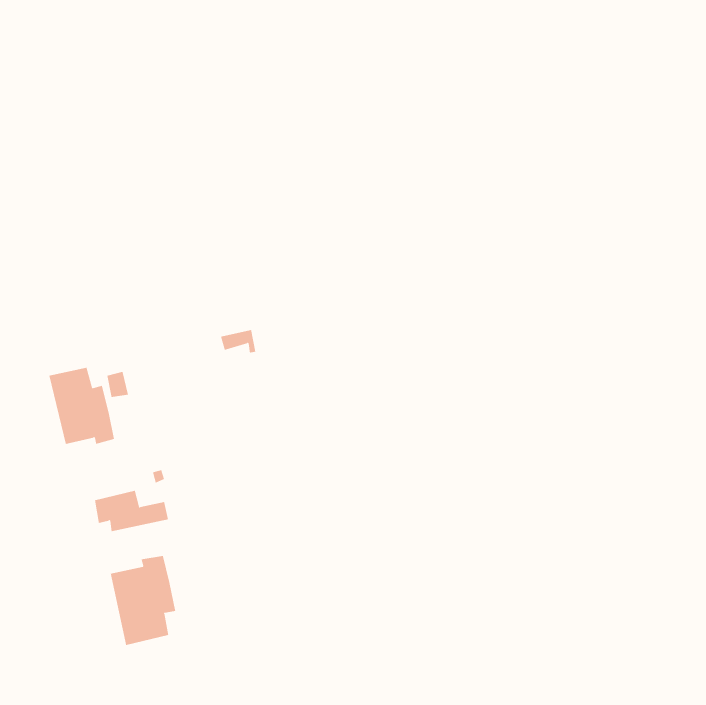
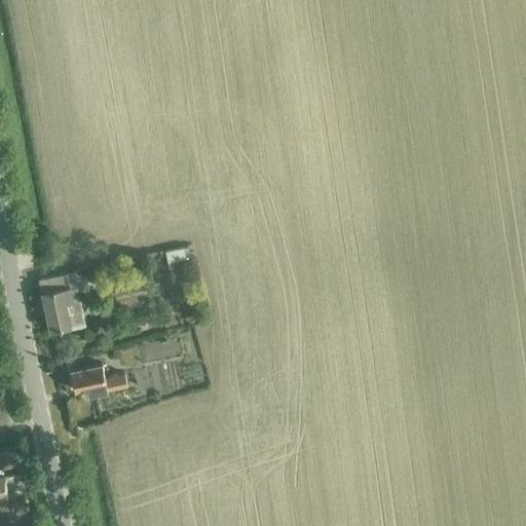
building: [110,555,176,646] -> none

